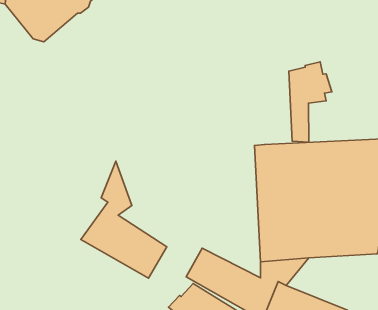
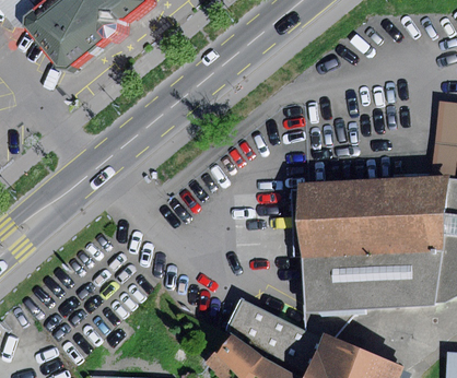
building: [289,62,332,142] -> none
building: [81,161,167,278] -> none

